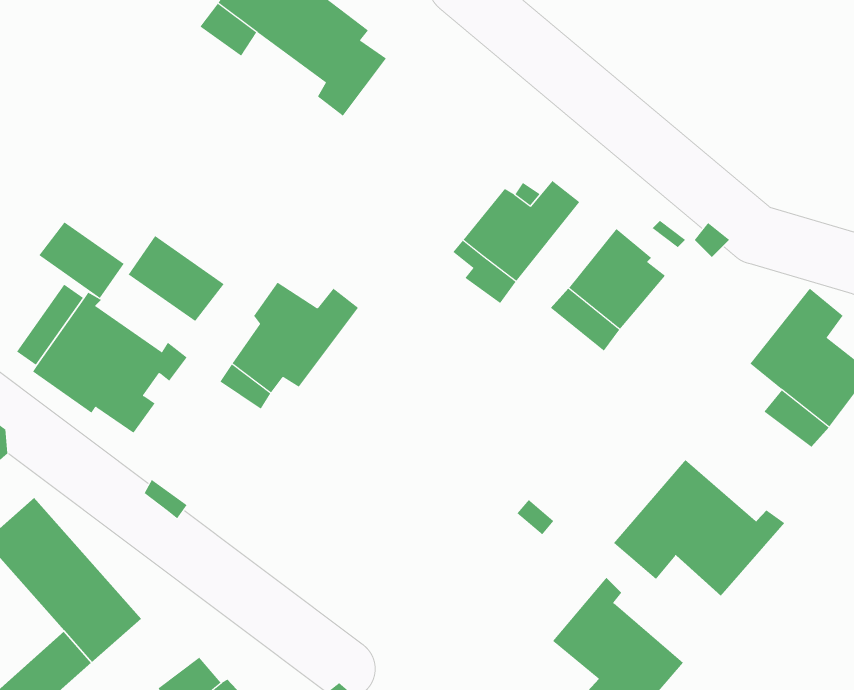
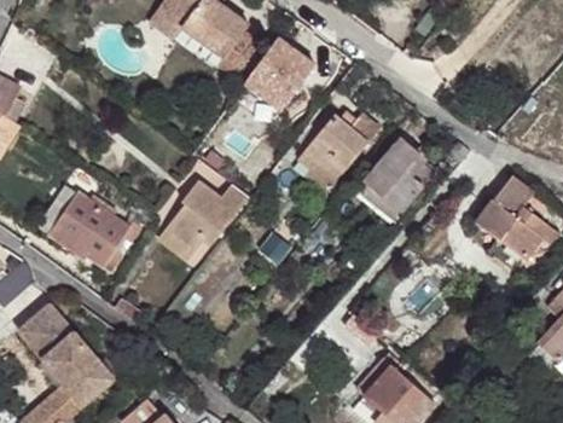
building: none -> [231,50,301,122]
building: [39,222,124,299] -> none
building: [128,235,224,322] -> none
building: [613,459,785,596] -> none

